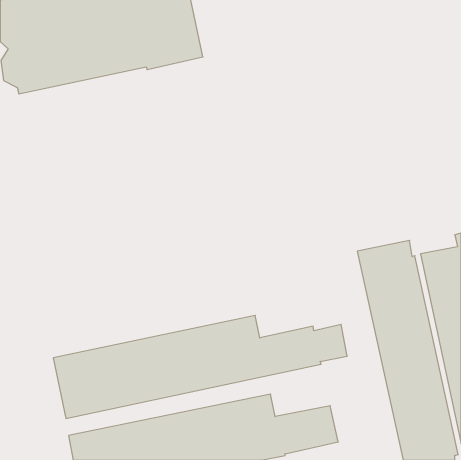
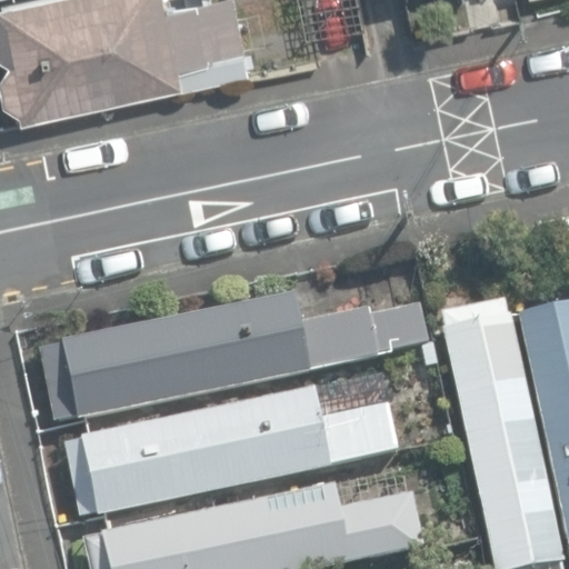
building: none -> [41,296,429,421]

